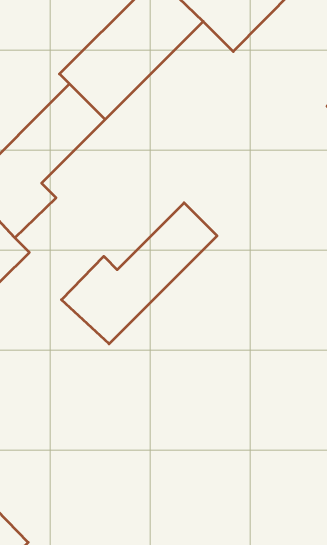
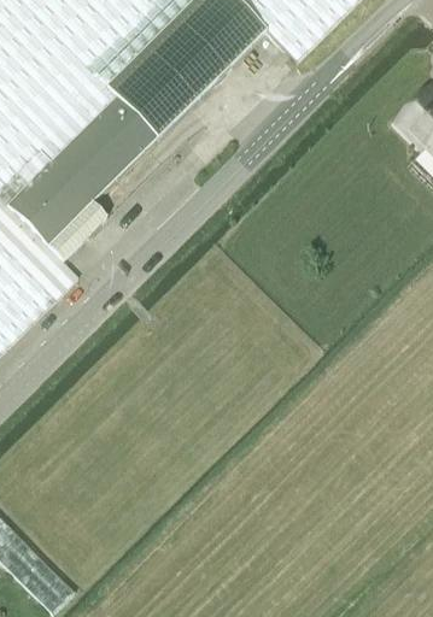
building: [61,203,217,344] -> none

